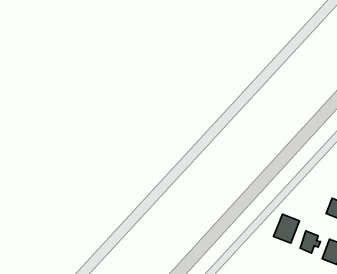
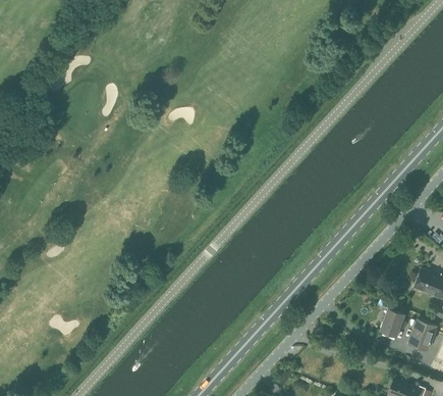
building: [274,214,300,243] -> none

